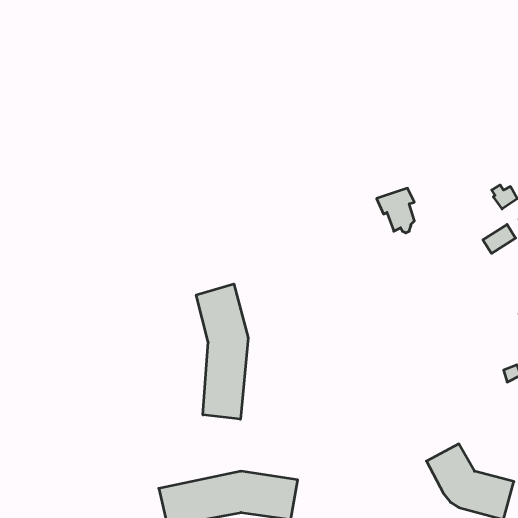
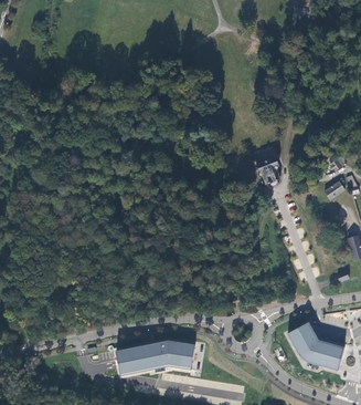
building: [196,284,248,419] -> none

